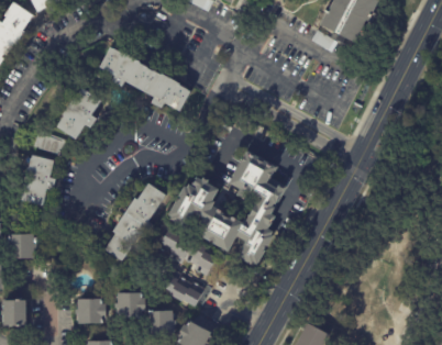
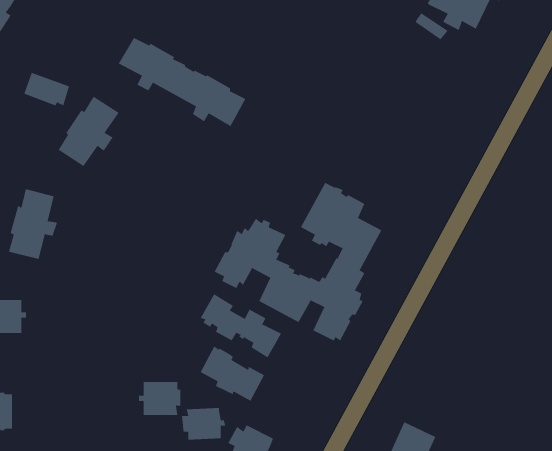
building: [32,130,65,154] -> [24,72,70,106]
building: [104,182,166,260] -> none
building: [73,299,104,324] -> none

